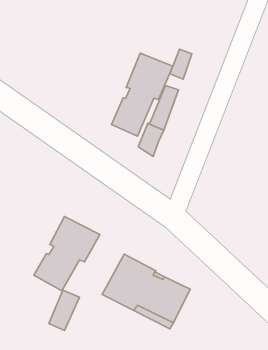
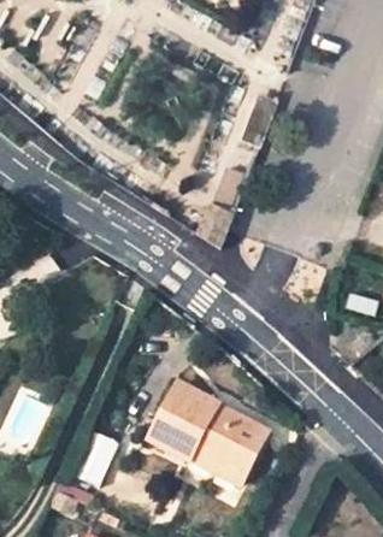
building: [111,53,173,136] -> none
building: [34,216,100,291] -> none

